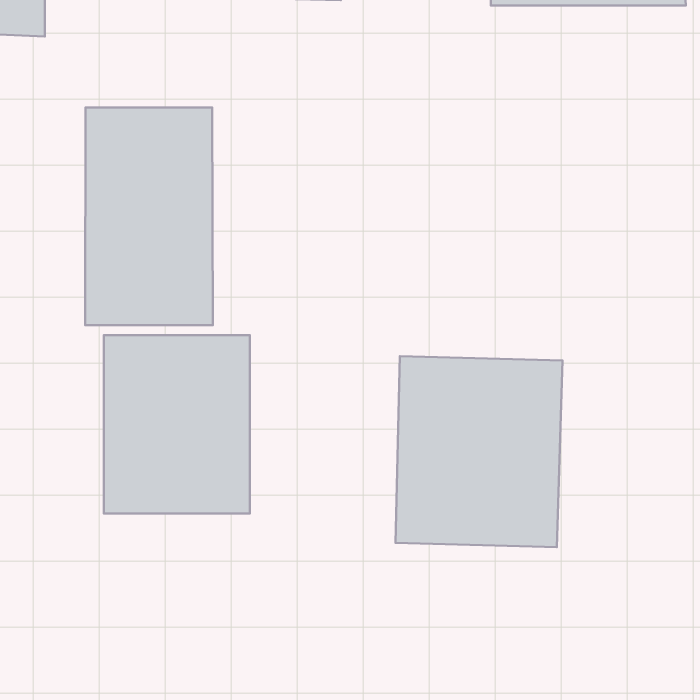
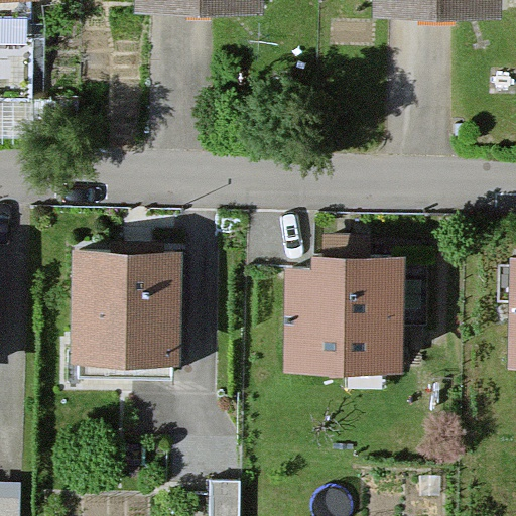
building: [85,107,213,325] -> none

